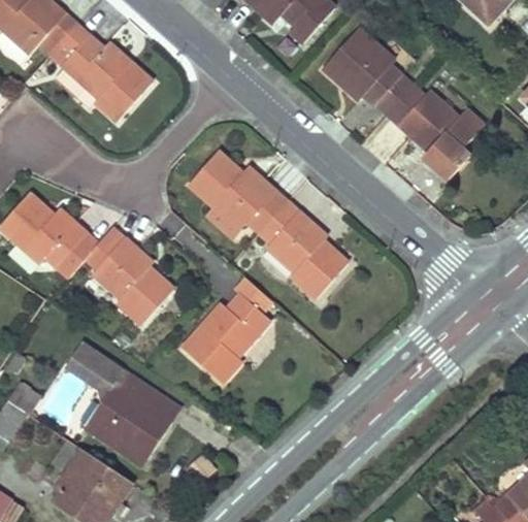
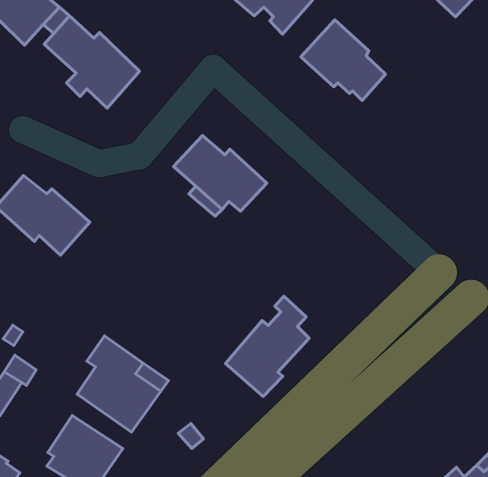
building: [387,85,484,180] -> none
building: [258,200,348,298] -> none
building: [84,226,173,324] -> none
building: [180,274,269,381] -> [225,296,309,396]
building: [65,342,113,389] -> none

